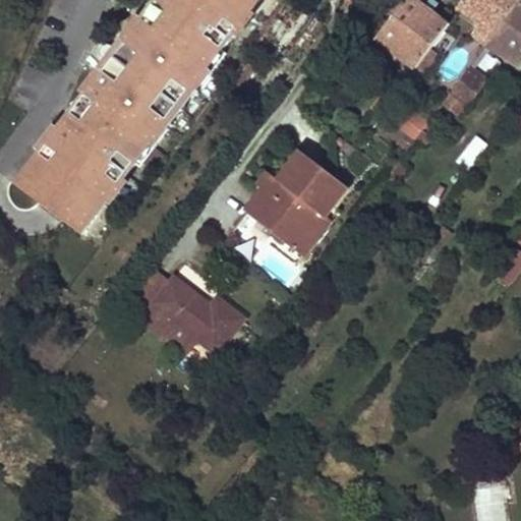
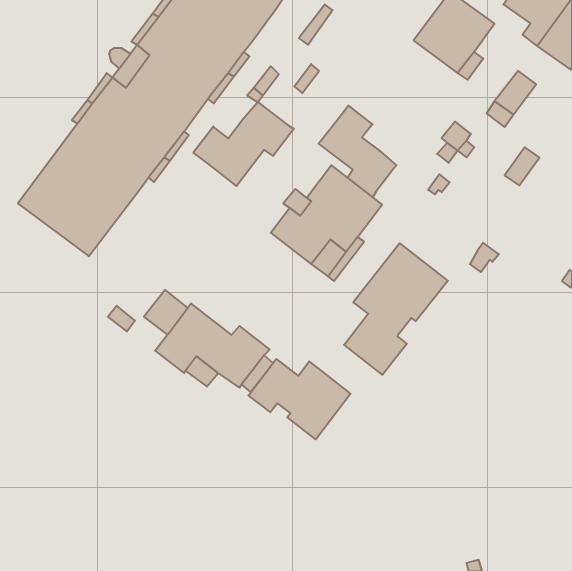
building: none -> [193,102,294,186]
building: none -> [319,106,396,197]
building: none -> [344,243,448,375]
building: none -> [248,359,351,439]

